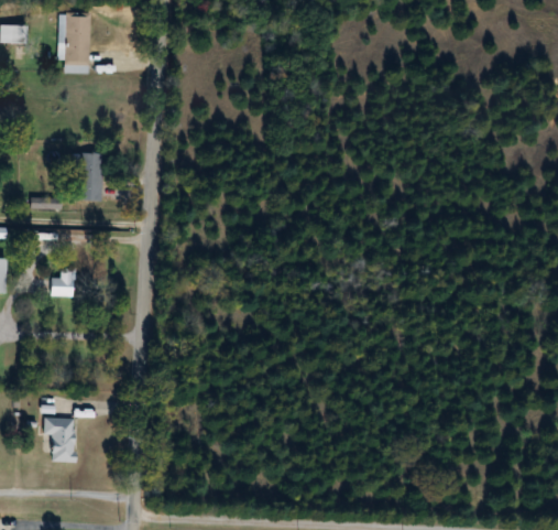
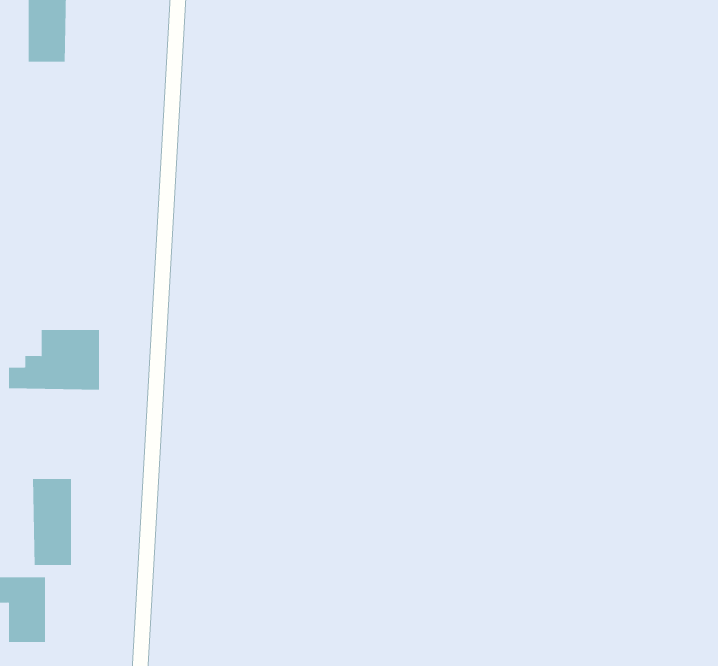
building: [78,154,102,202] -> none
building: none -> [32,478,72,566]

